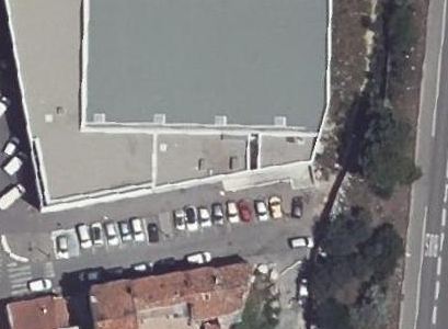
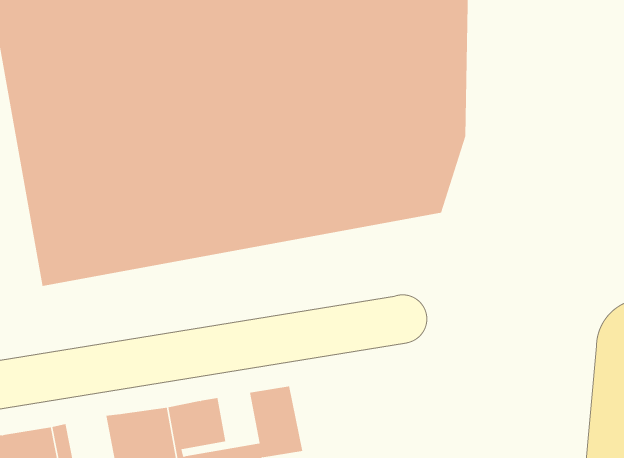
building: [208,264,250,315] -> none

